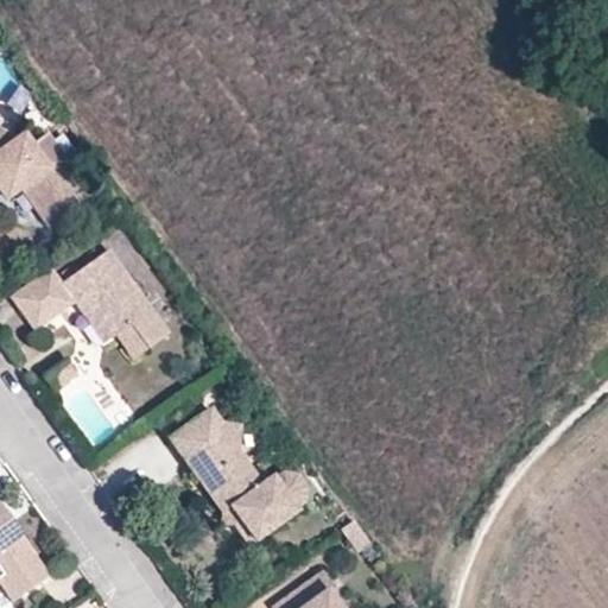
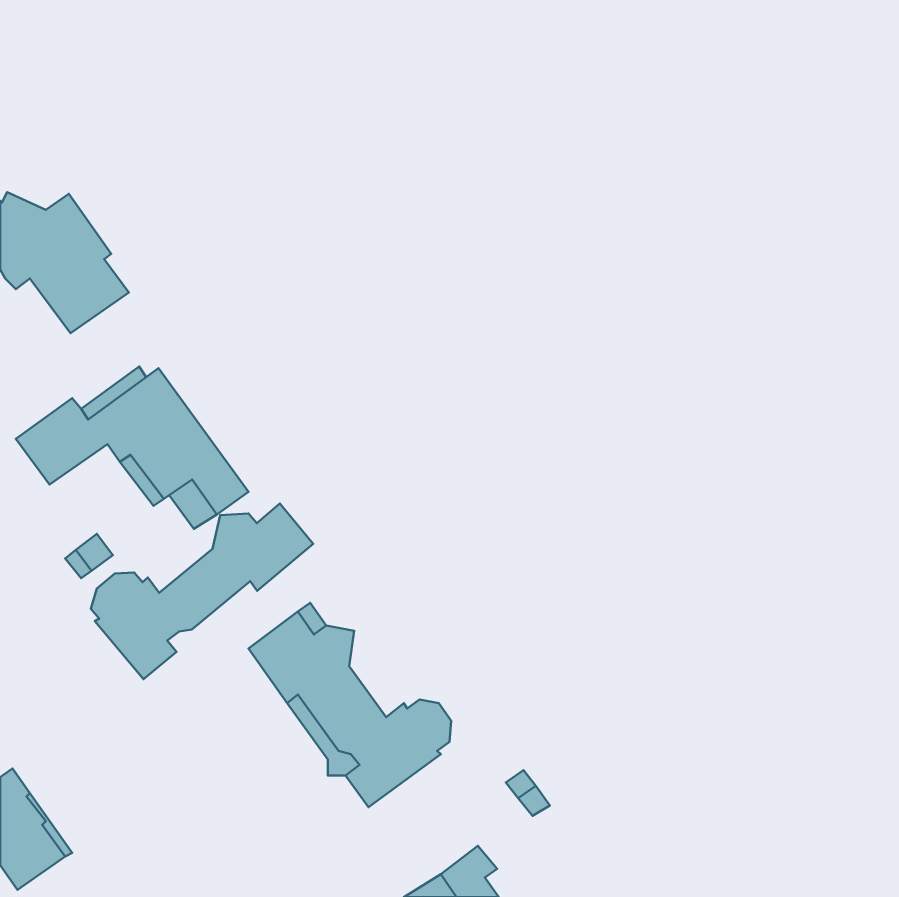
building: none -> [91,503,313,679]

